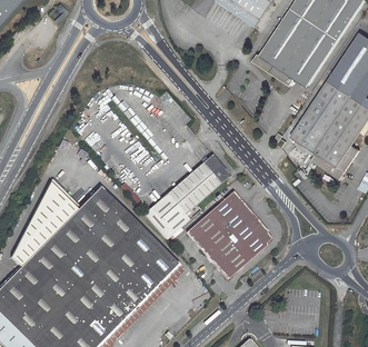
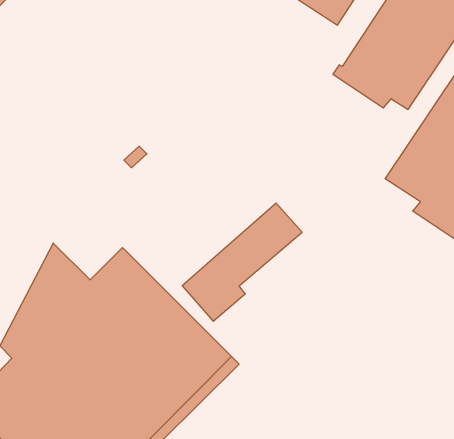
building: [186,191,270,279] -> none

